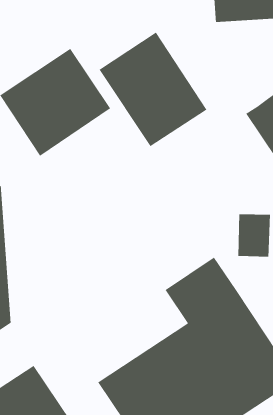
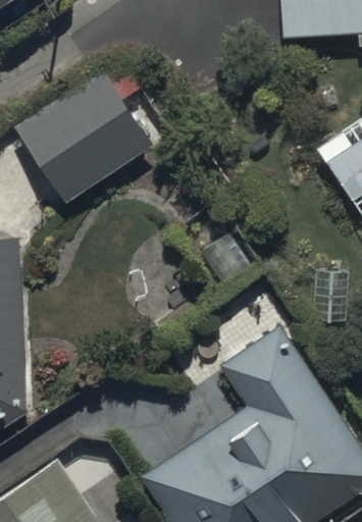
building: [99,31,207,147] -> none

